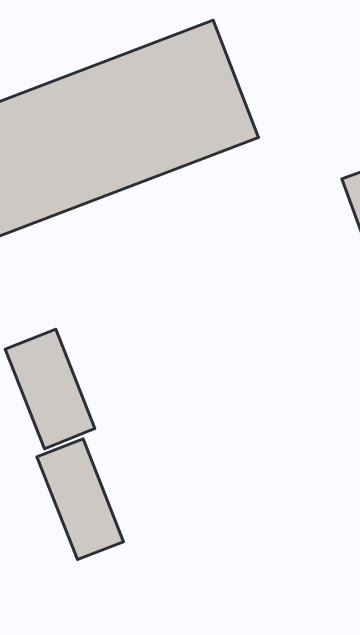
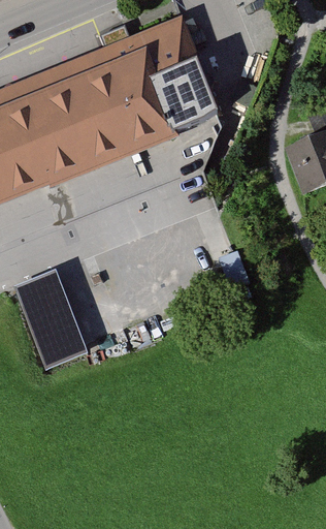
building: [37,439,124,560] -> none

